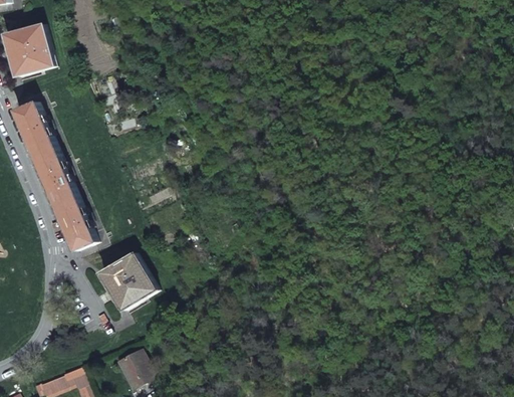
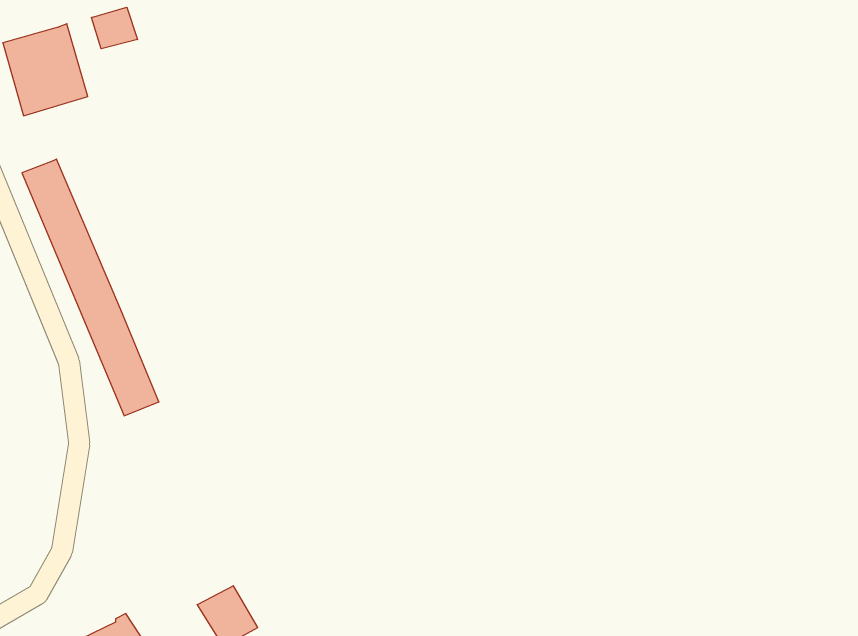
building: none -> [91,7,137,49]
building: [98,253,154,311] -> none

